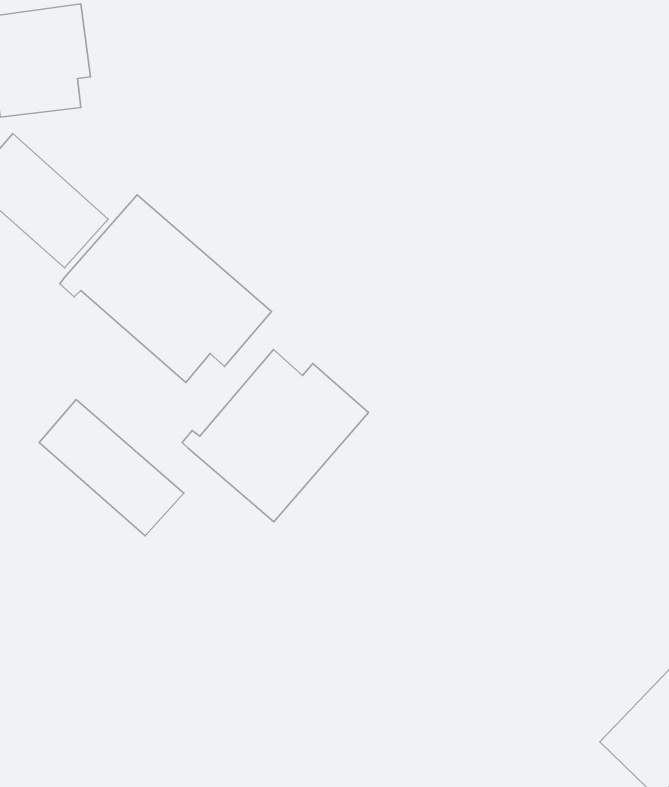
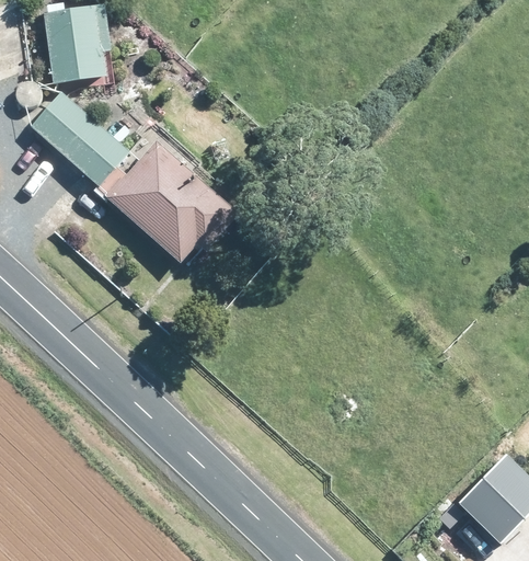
building: [182,350,368,522] -> none
building: [39,400,184,536] -> none

